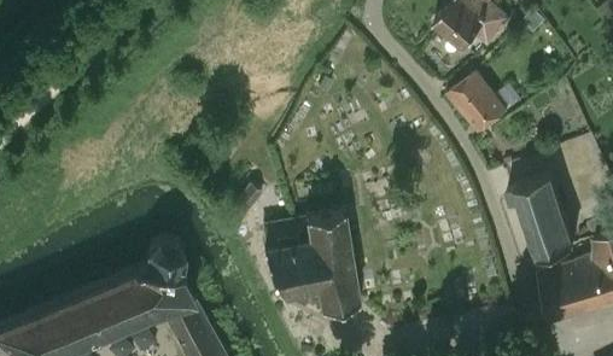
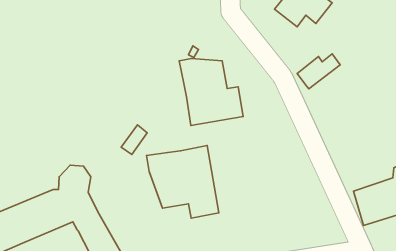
building: [446,71,491,115] -> none
building: none -> [179,59,243,126]
building: [506,175,574,258] -> none

